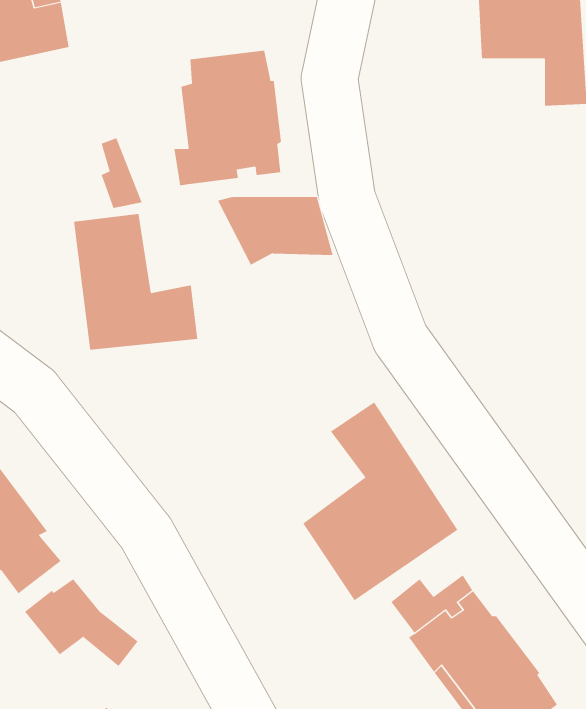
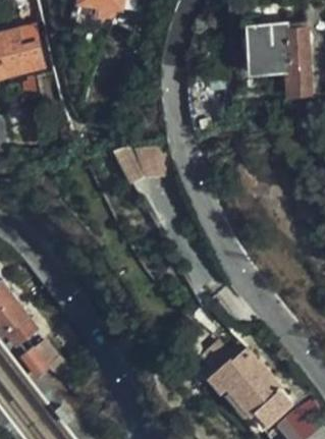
building: [174,50,282,186] -> none
building: [73,213,198,350] -> none
building: [303,401,458,601] -> none

